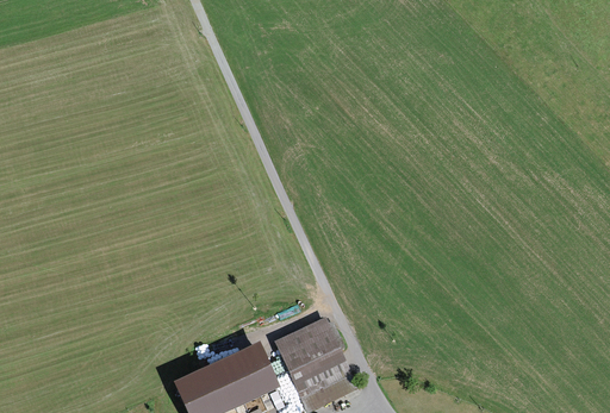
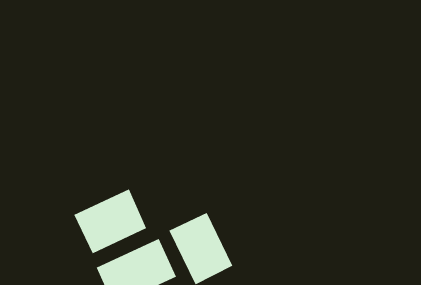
building: none -> [73,189,147,254]

